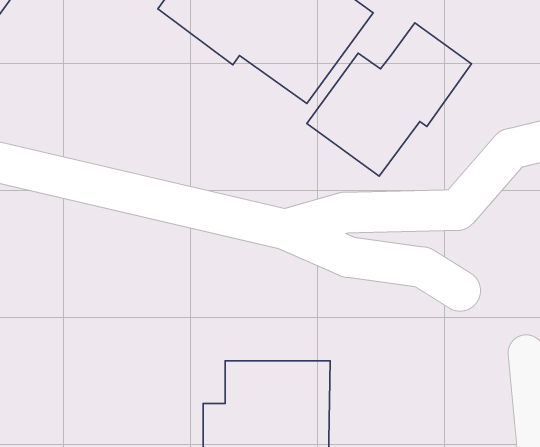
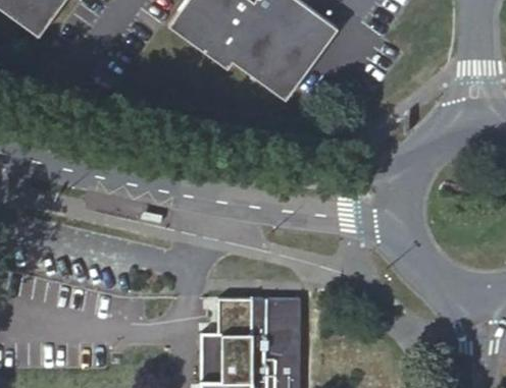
building: [307,23,472,176] -> none

